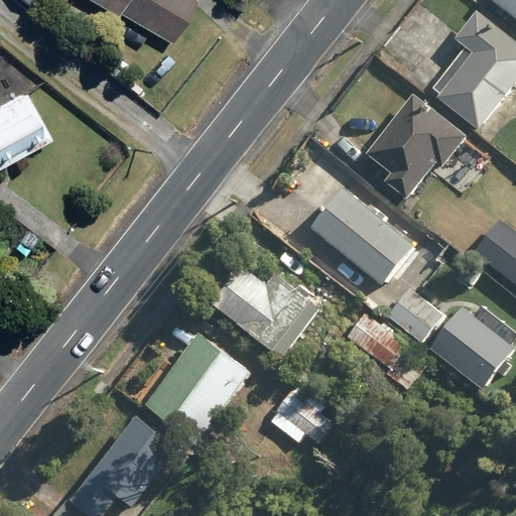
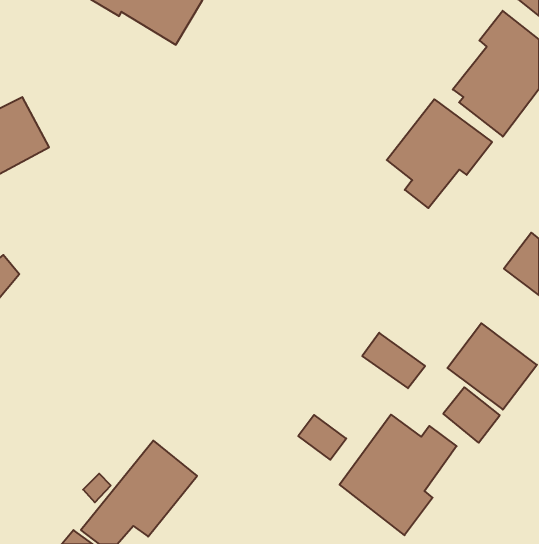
building: [318,189,420,284] -> none
building: [219,267,319,355] -> none
building: [384,288,437,341] -> [443,387,500,443]
building: [153,334,261,444] -> none
building: none -> [340,415,457,535]

